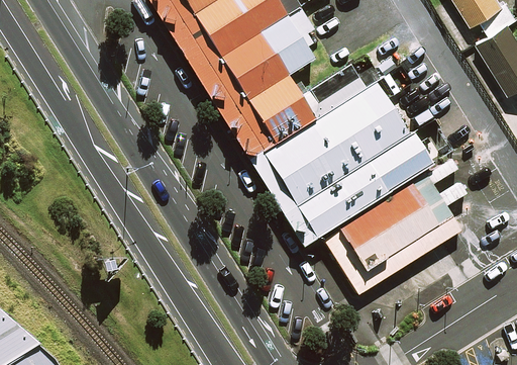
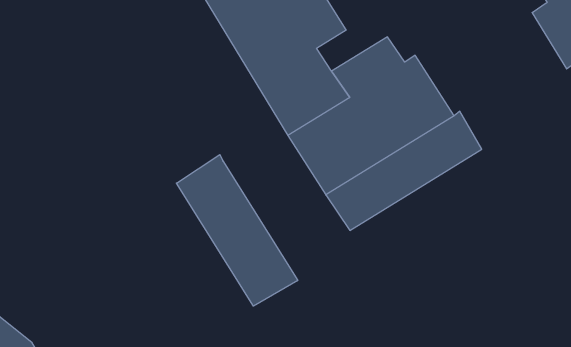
building: none -> [176,155,298,306]
building: [321,176,459,297] -> none

